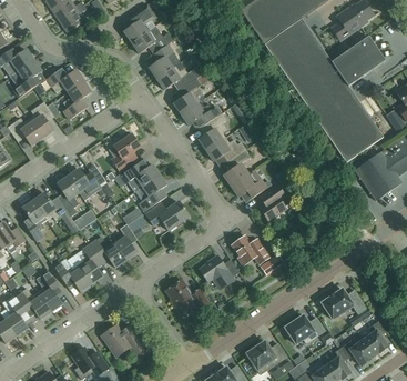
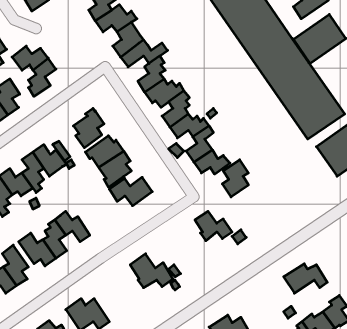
building: [113,214,147,260] -> none
building: [199,254,240,290] -> none
building: [285,314,325,343] -> none

